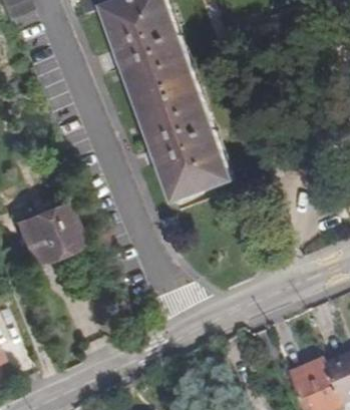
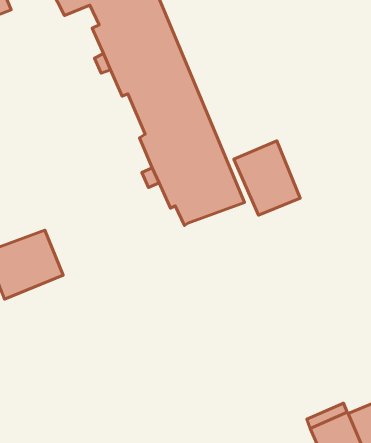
building: none -> [234,141,300,215]

